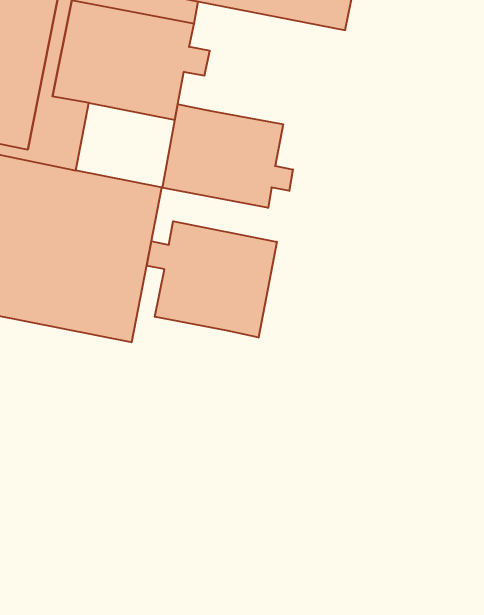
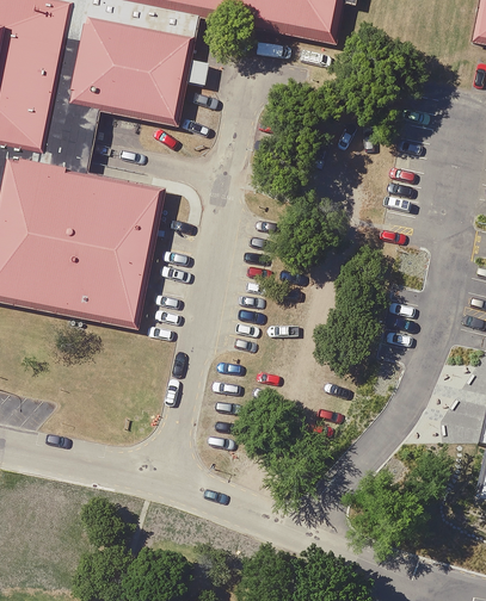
building: [163,104,293,208] -> none
building: [147,221,277,338] -> none

